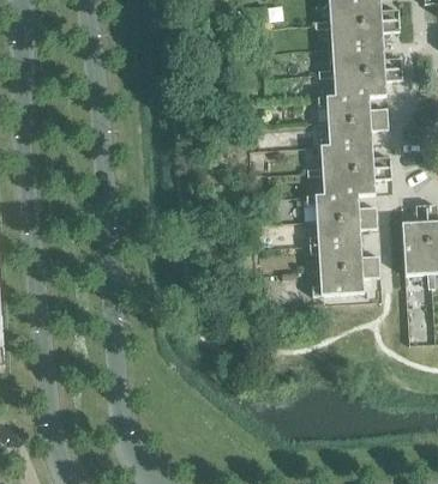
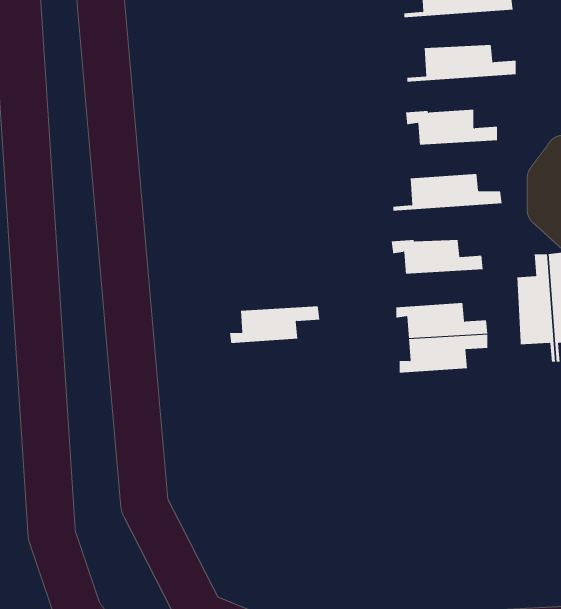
building: [314,17,398,46] -> none
building: [317,66,402,95] -> none
building: [319,116,388,145] -> none
building: [306,164,390,193] -> none
building: [307,214,377,243] -> [229,306,320,343]

